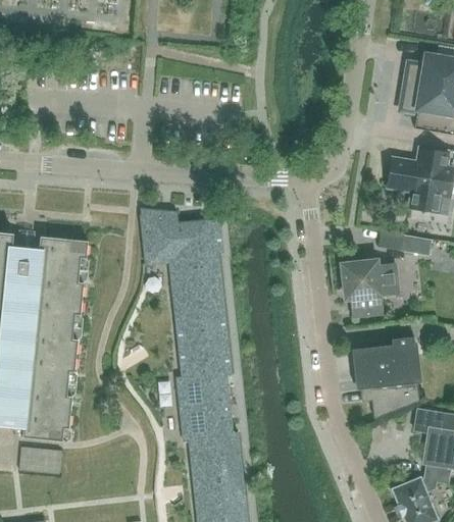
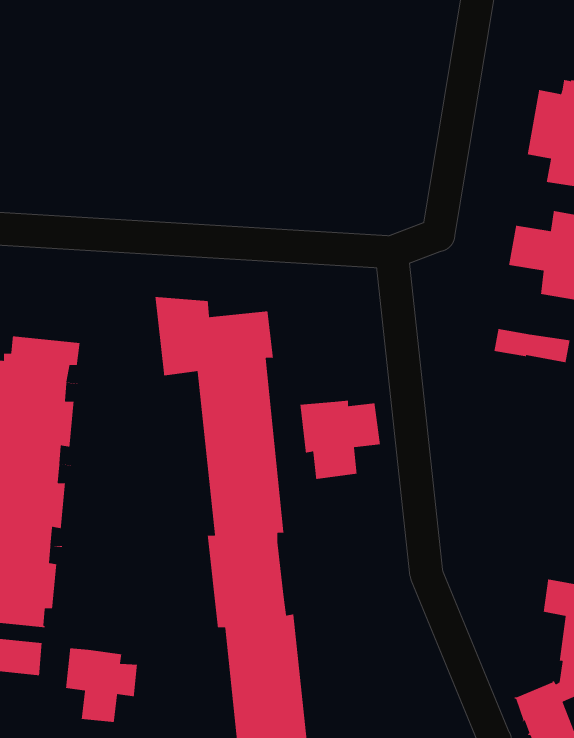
building: [342,261,399,317] -> [299,400,381,480]
building: [352,336,421,418] -> none
building: none -> [65,647,138,723]

